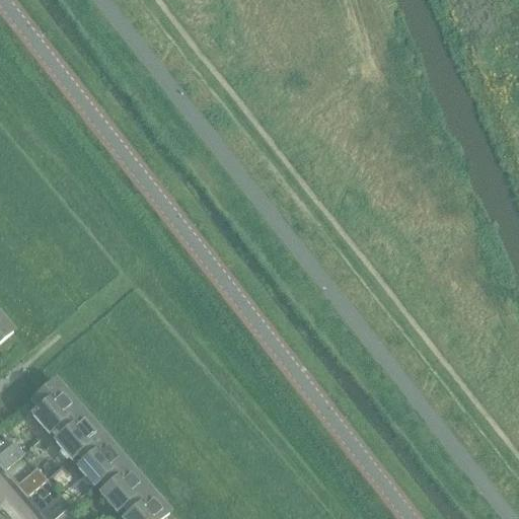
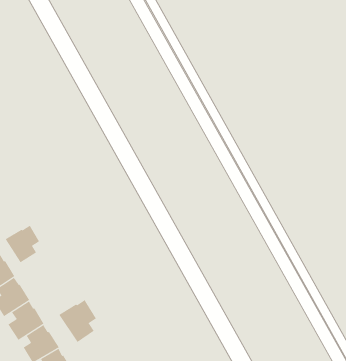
building: none -> [5,224,44,263]
building: none -> [58,298,102,343]

